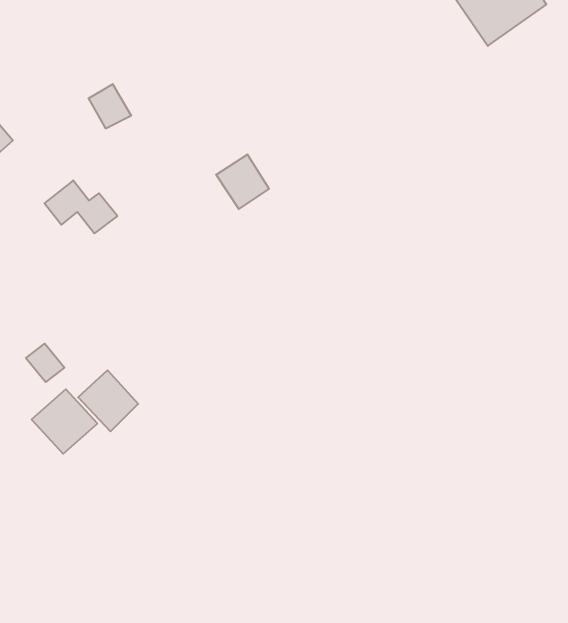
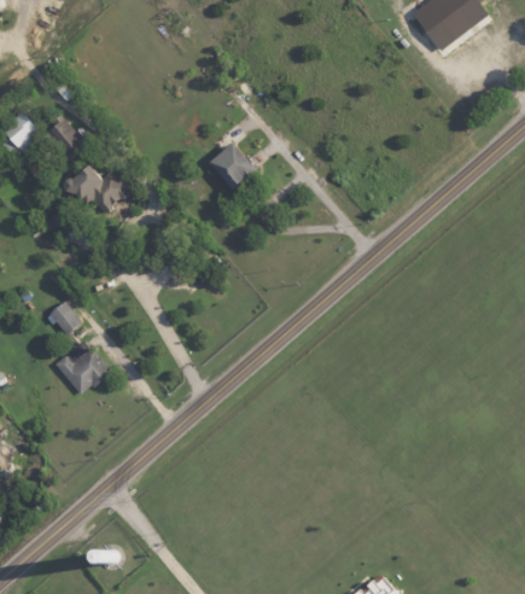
building: [88,84,131,128] -> [47,118,83,156]
building: [78,370,138,431] -> none

